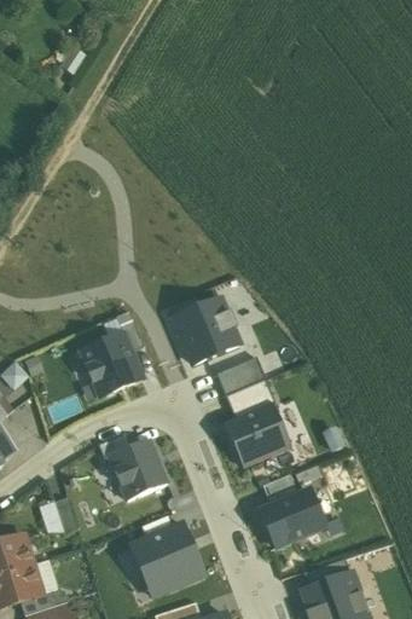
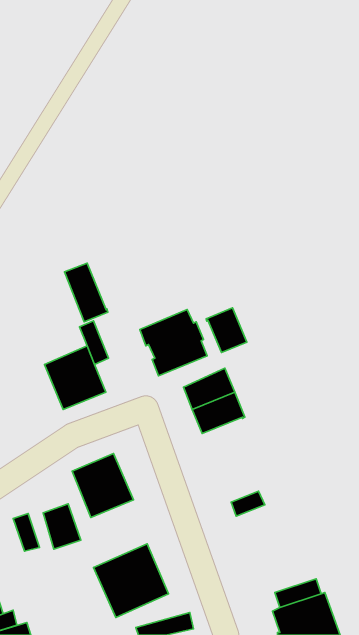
building: none -> [64,263,108,322]
building: none -> [206,308,247,353]
building: [224,403,291,467] -> none
building: none -> [43,504,81,549]
building: [262,491,326,548] -> none

